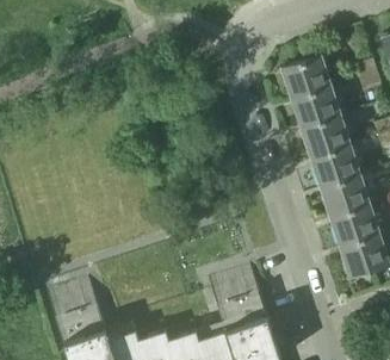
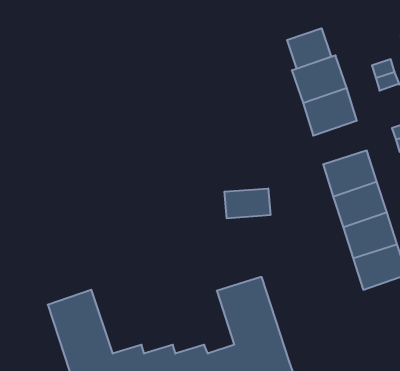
building: none -> [287,28,331,69]
building: [299,117,351,159] -> none
building: none -> [224,188,270,218]

